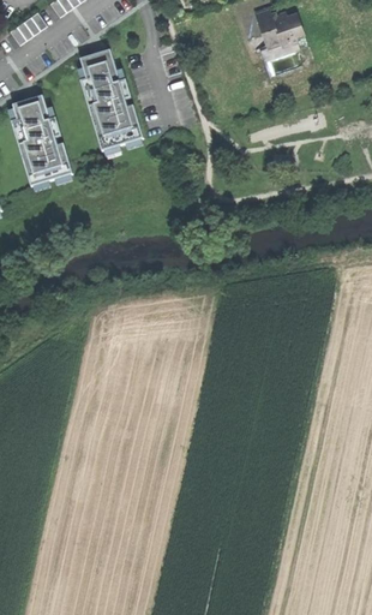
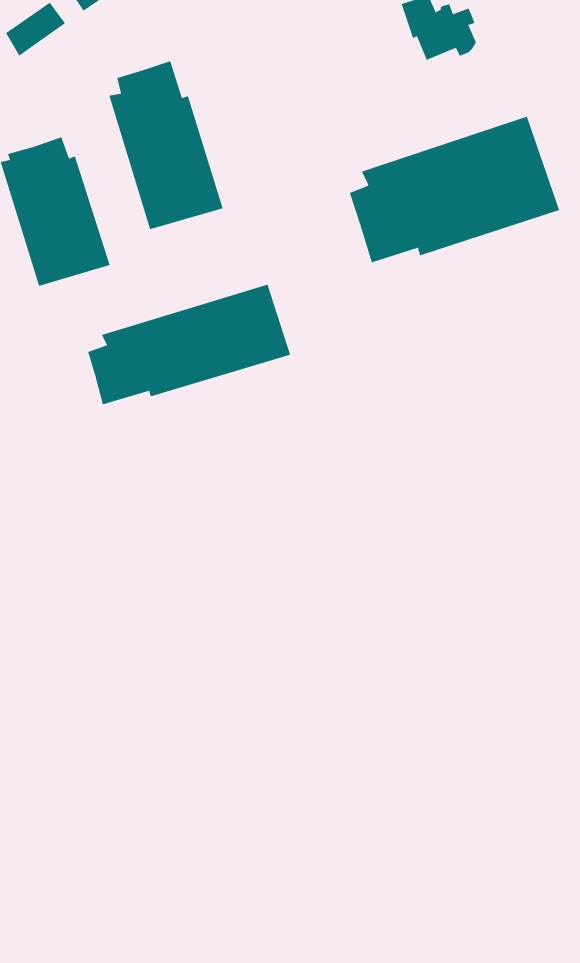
building: none -> [349,116,560,263]
building: none -> [88,284,291,405]

